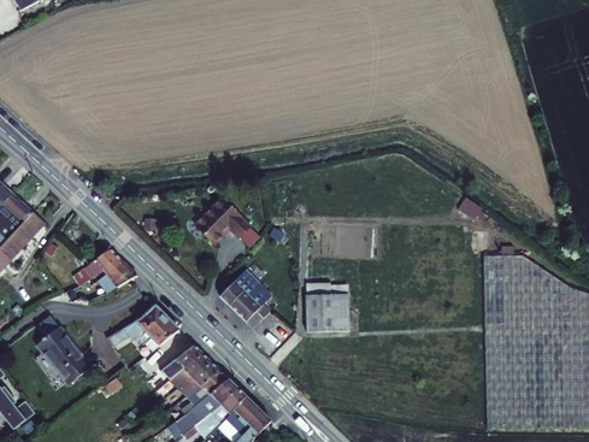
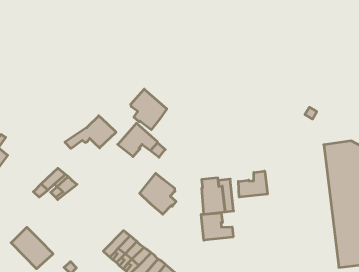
building: none -> [131,89,167,130]
building: none -> [238,171,267,197]
building: [104,305,176,349] -> [65,116,116,148]
building: none -> [201,213,233,240]

